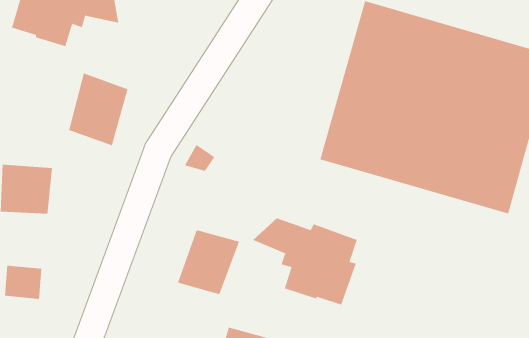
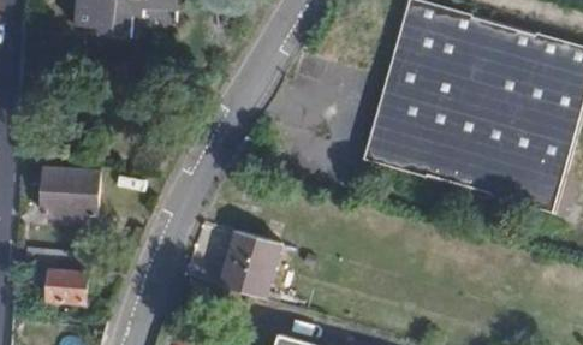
building: [69,73,128,146] -> none
building: [252,218,358,306] -> none

